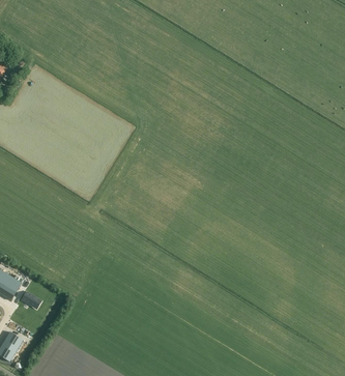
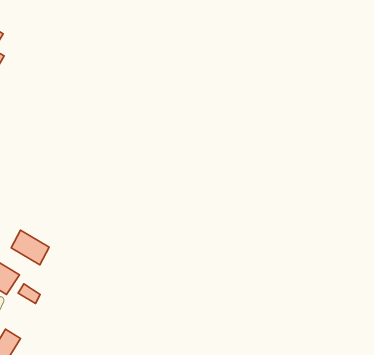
building: none -> [11,230,49,265]

